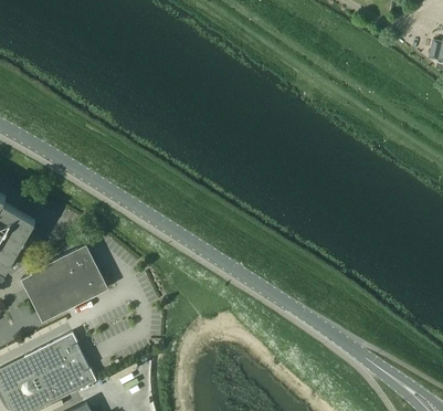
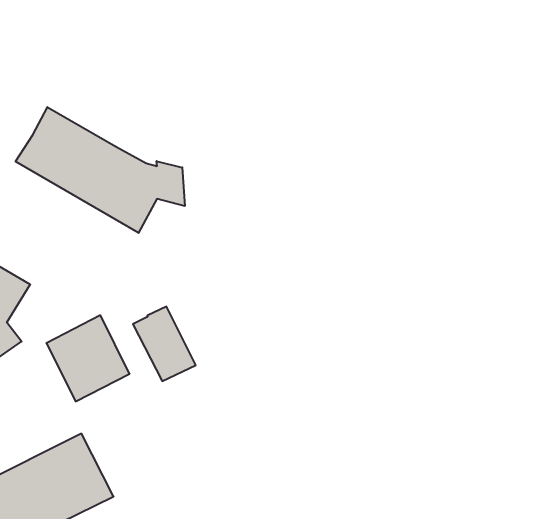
building: none -> [16,107,185,233]
building: [20,265,67,322] -> [133,307,196,381]

